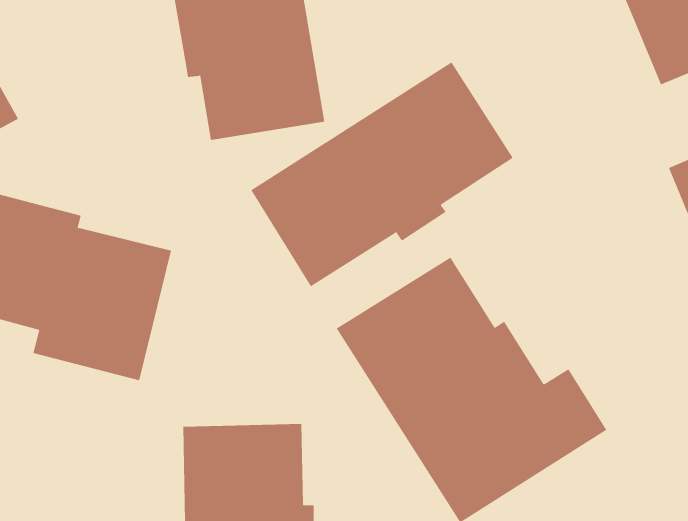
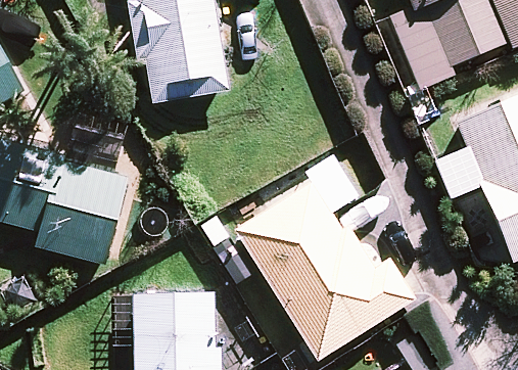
building: [250,62,513,287] -> none

